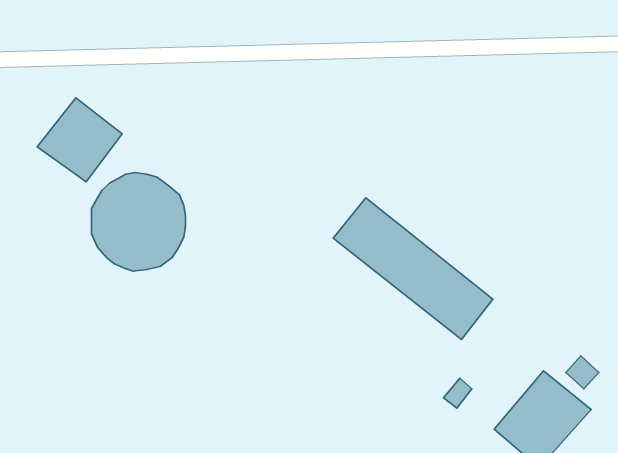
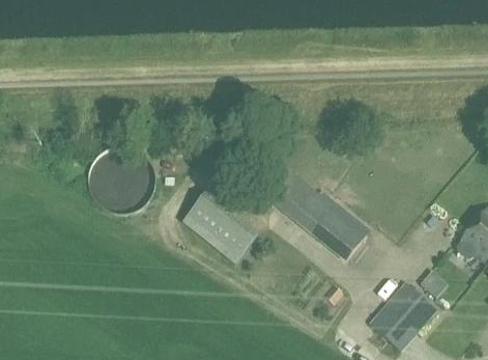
building: [37,98,122,182] -> none
building: none -> [182,189,260,262]

